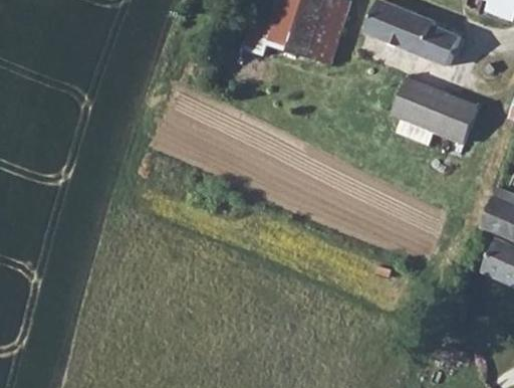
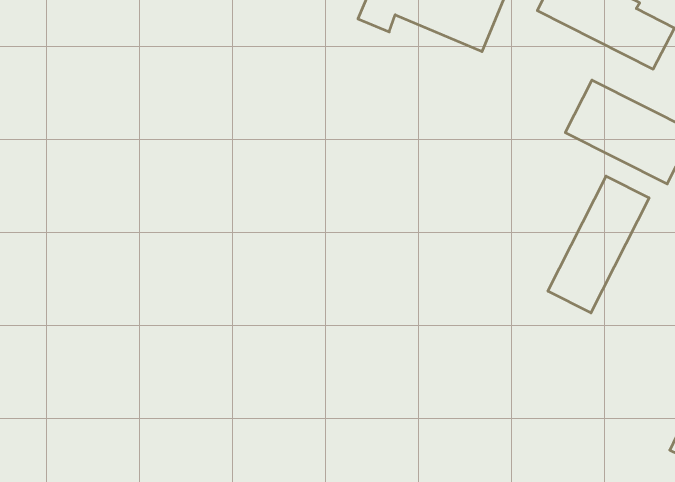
building: none -> [548,176,649,313]

